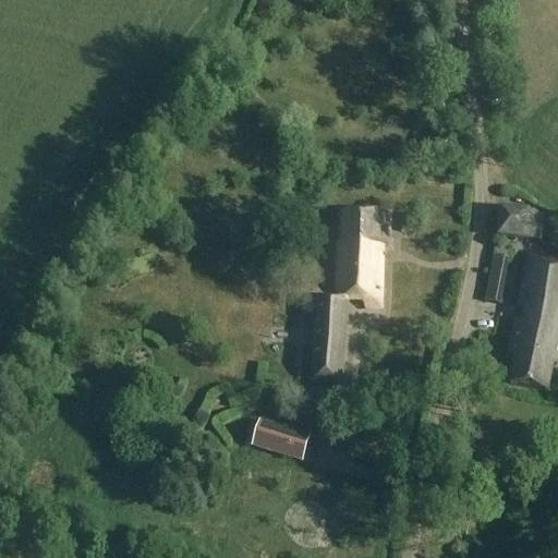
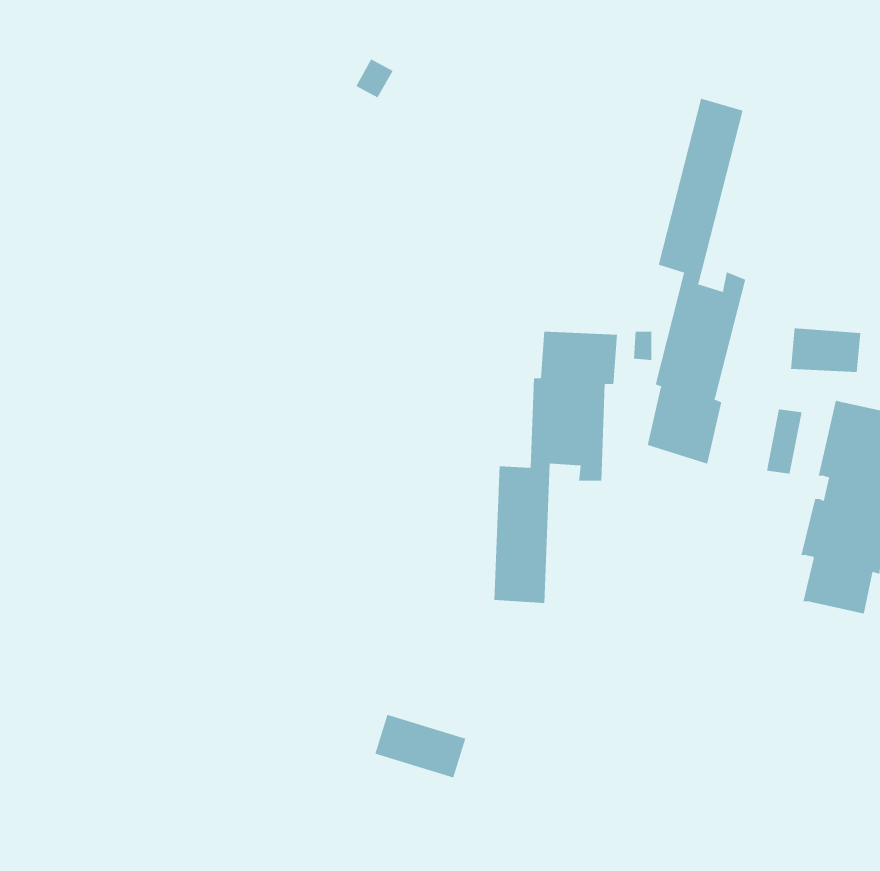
building: none -> [647,98,746,465]
building: [252,418,310,459] -> [375,714,466,778]

